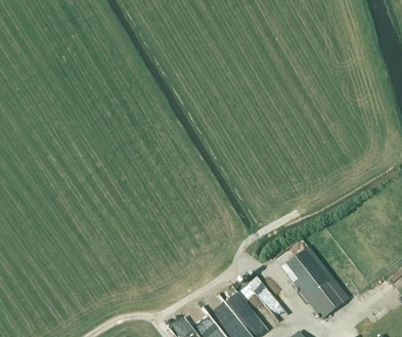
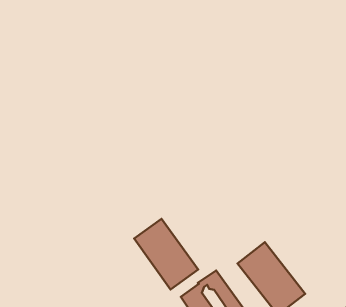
building: none -> [134,219,198,289]

